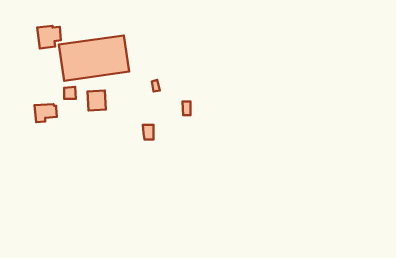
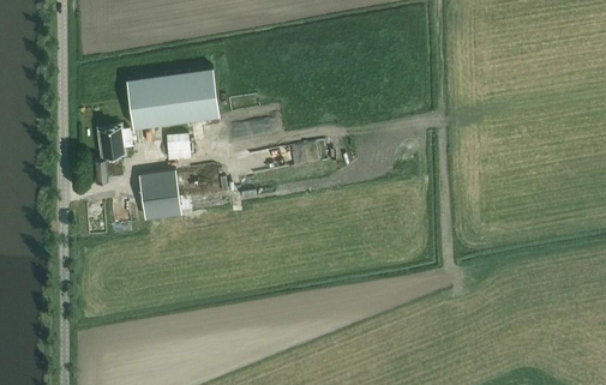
building: [37,26,61,48] -> [100,127,131,157]
building: none -> [139,172,181,218]

